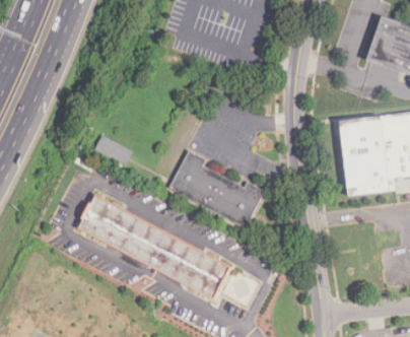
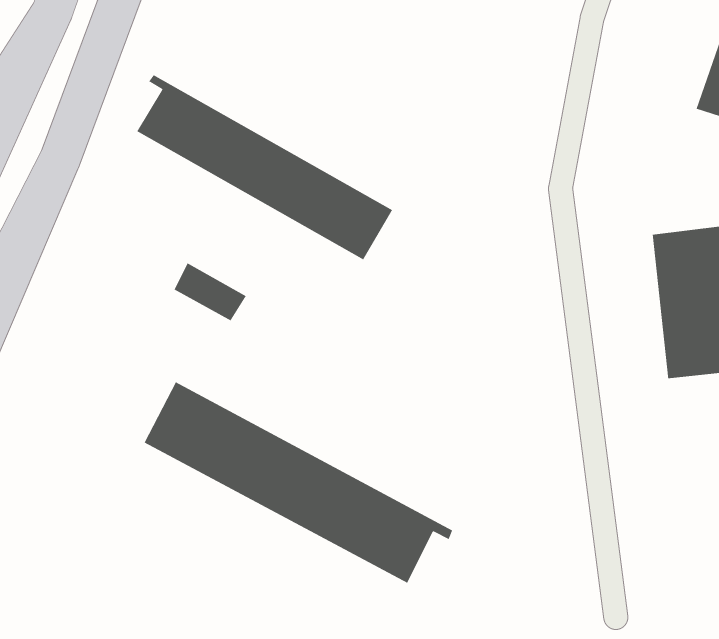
building: none -> [136,74,393,260]
building: [169,151,265,227] -> none

